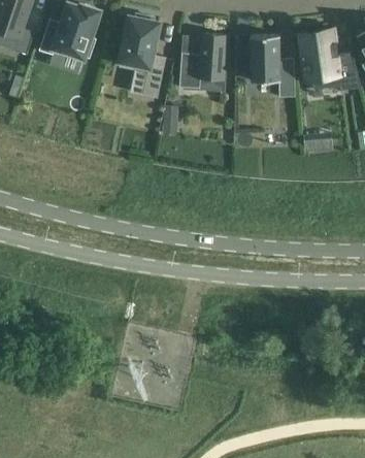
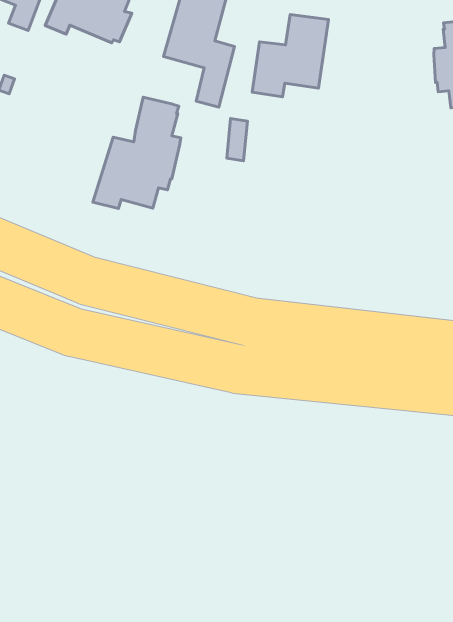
building: [251,35,295,97] -> none
building: none -> [93,97,181,209]

